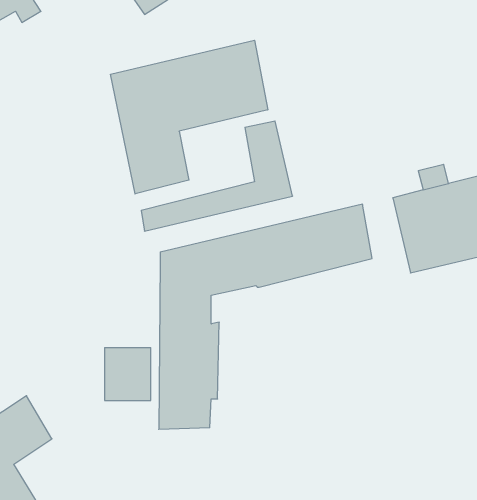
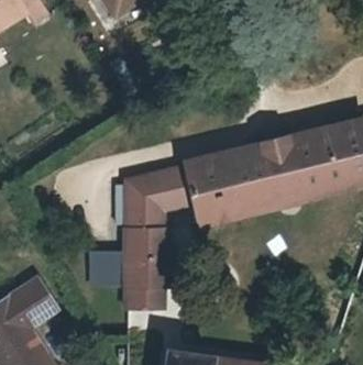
building: [111,40,268,194] -> none
building: [141,121,293,231] -> [196,144,300,220]

